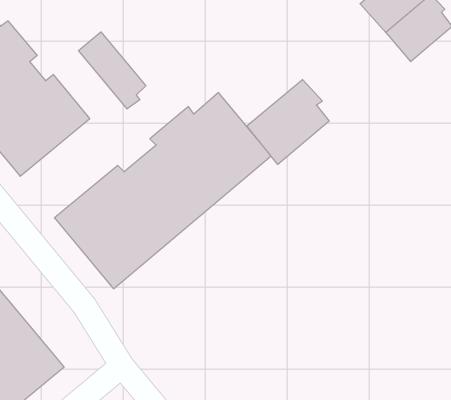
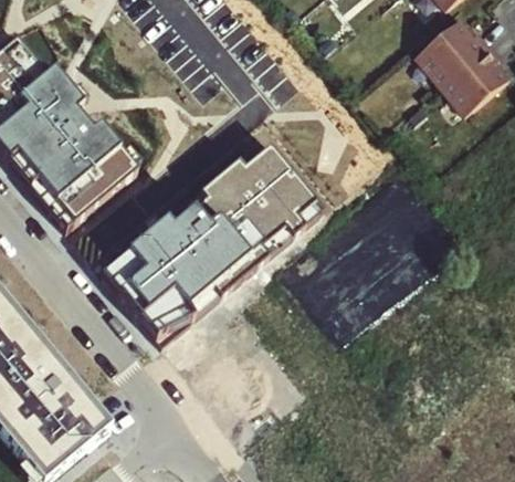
building: [79,32,146,109] -> none
building: [247,79,329,164] -> none

